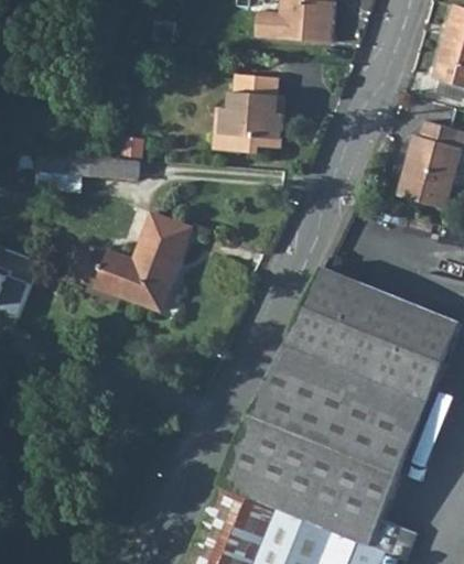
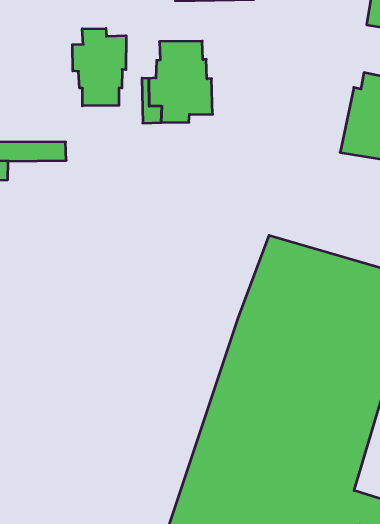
building: none -> [72,28,126,106]
building: [95,213,192,310] -> none

